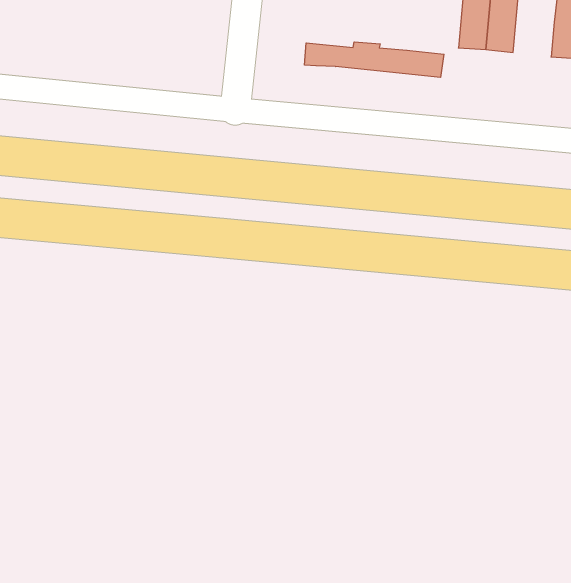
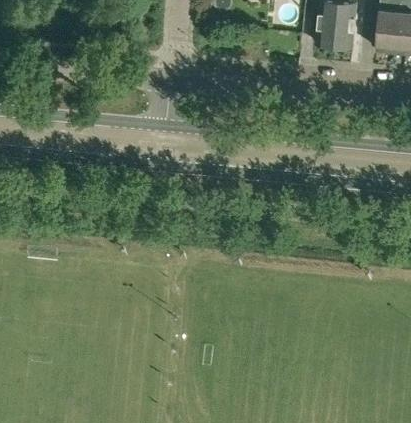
building: [305,42,444,77] -> none

